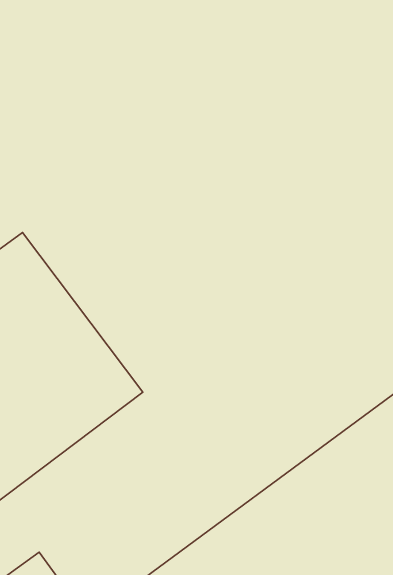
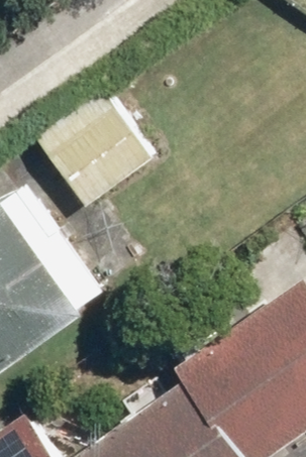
building: none -> [32,85,158,211]

